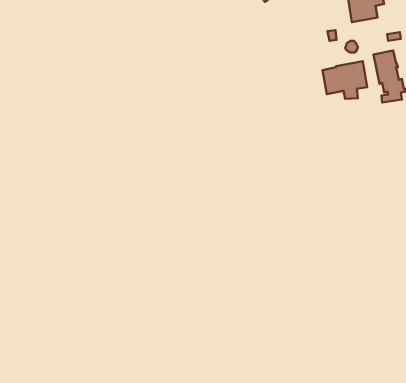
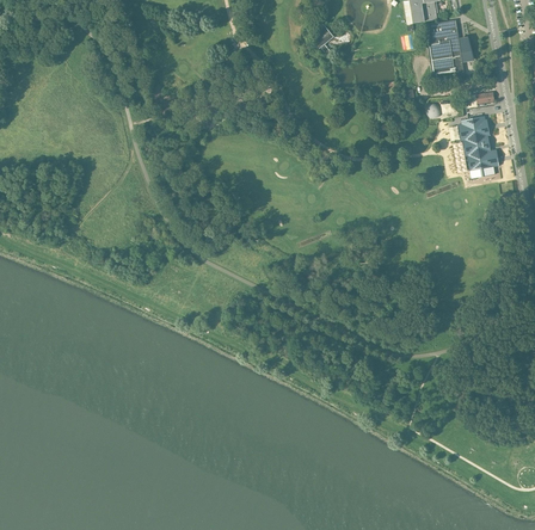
building: [323,61,367,99] -> none

